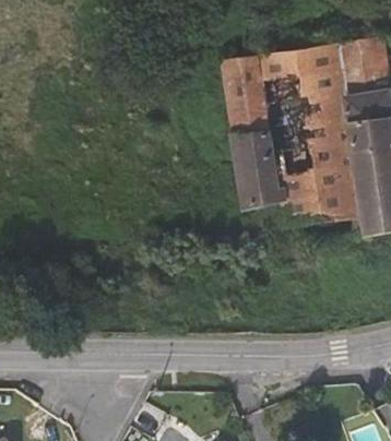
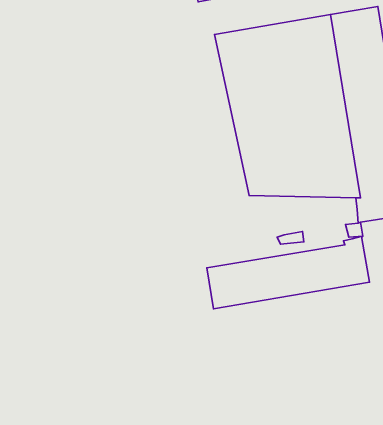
building: none -> [207,236,370,309]

